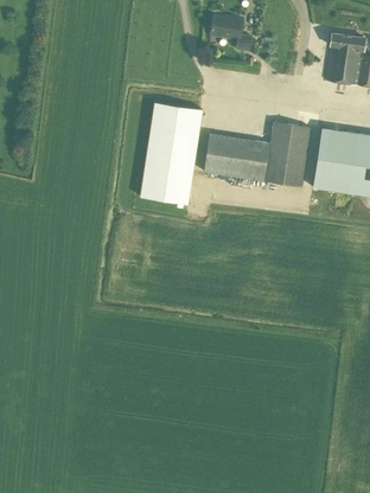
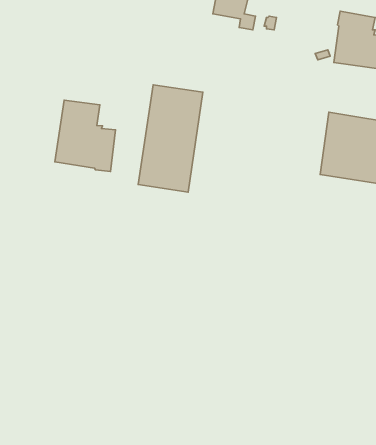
building: none -> [55,100,115,172]
building: [204,120,310,186] -> none

